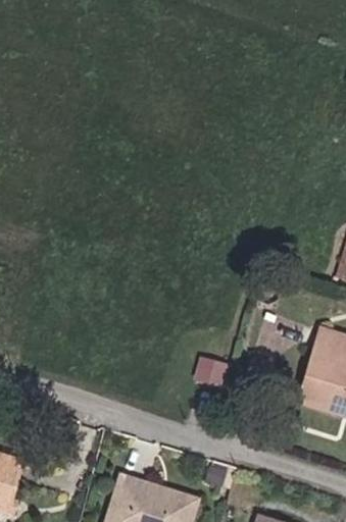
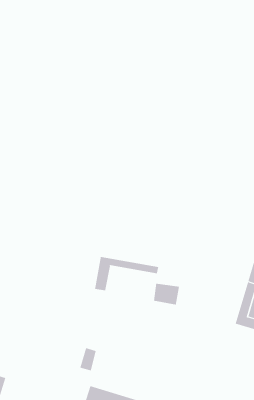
building: none -> [95,256,159,291]

